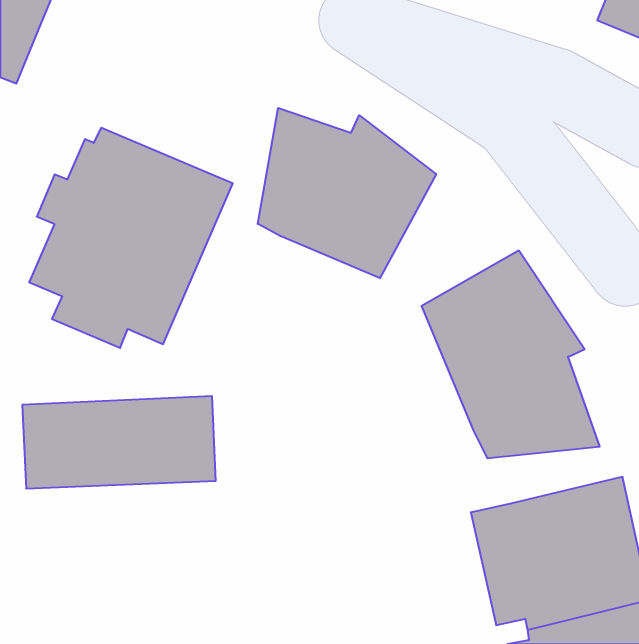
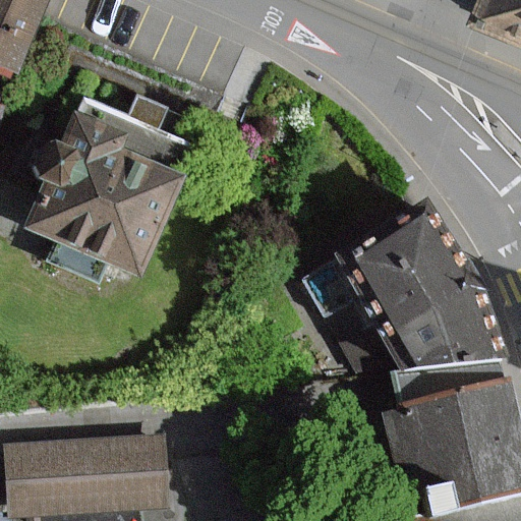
building: [258,108,436,278] -> none
building: [22,396,216,488] -> [14,437,170,511]

